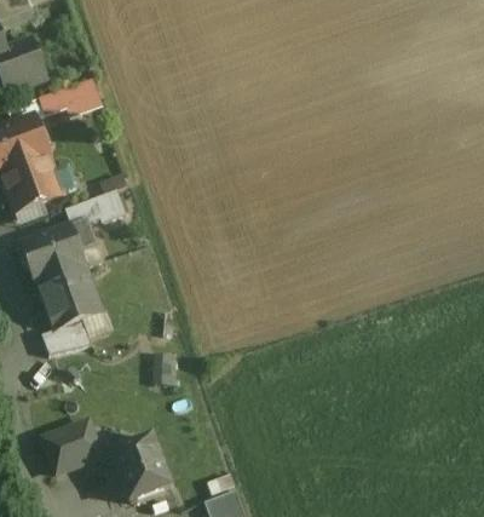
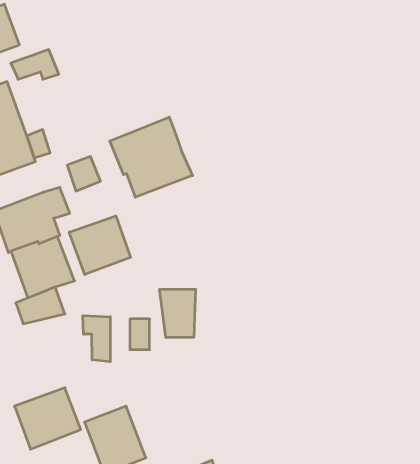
building: none -> [110,117,193,197]
building: none -> [69,216,131,275]
building: none -> [160,289,196,338]
building: none -> [83,316,110,362]

